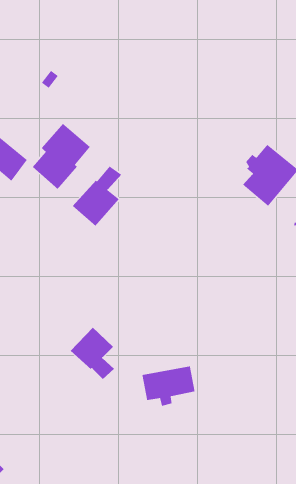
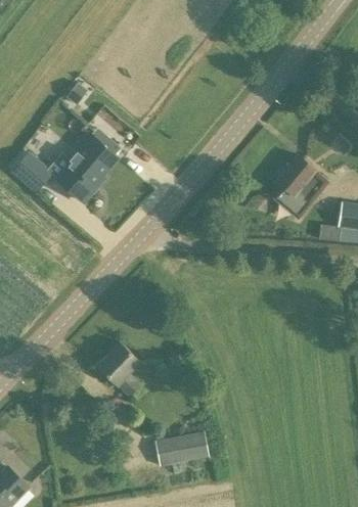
building: [72,165,122,227] -> none
building: [141,366,195,407] -> [154,430,210,472]

